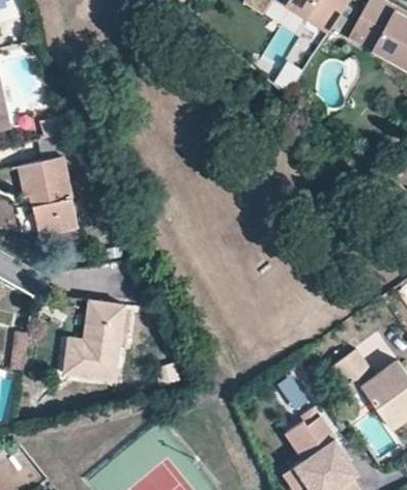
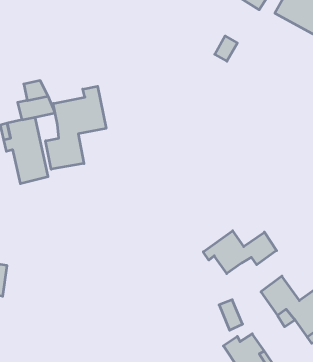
building: none -> [46,86,106,169]
building: none -> [203,231,277,274]
building: [66,304,127,383] -> none

